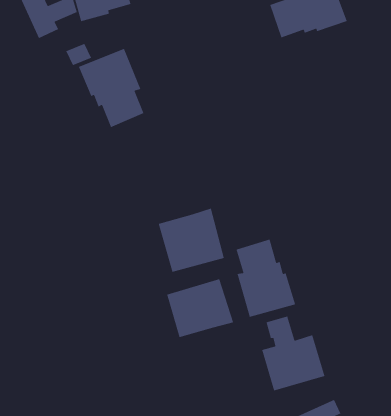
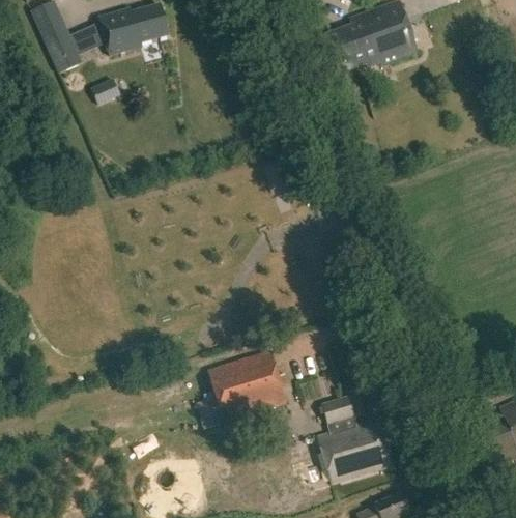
building: [78,48,145,128] -> none
building: [158,208,225,273] -> none
building: [236,239,296,318] -> none

